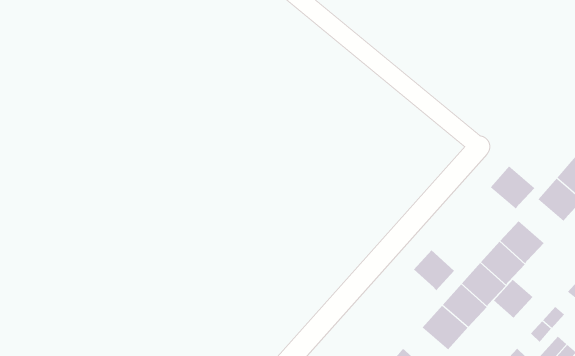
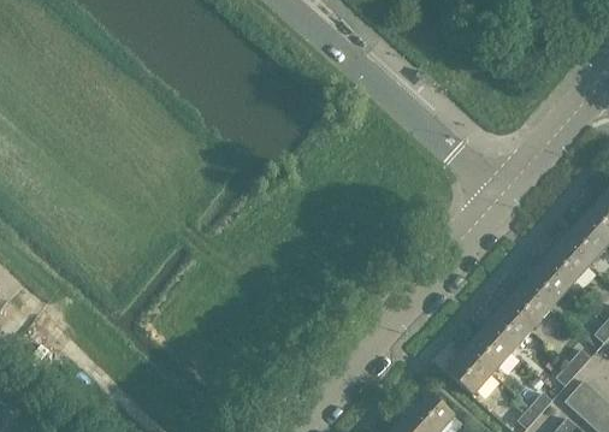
building: [490,166,535,210] -> [545,241,591,285]
building: [413,249,455,291] -> none
building: [493,279,533,319] -> none

